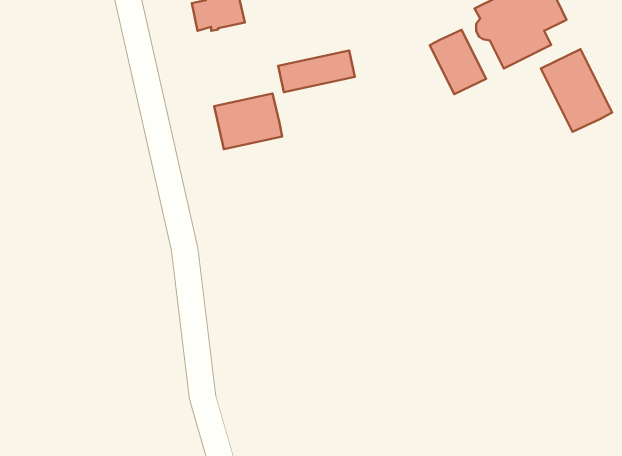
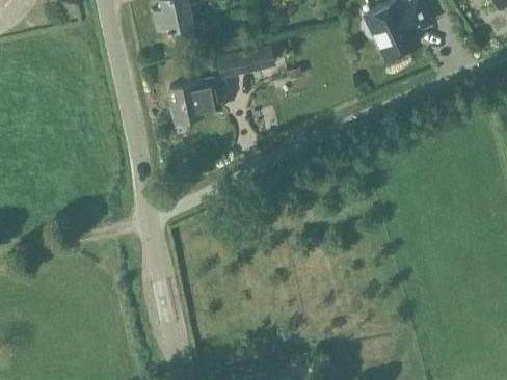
building: [430,30,486,94] -> none
building: [541,49,612,132] -> none

